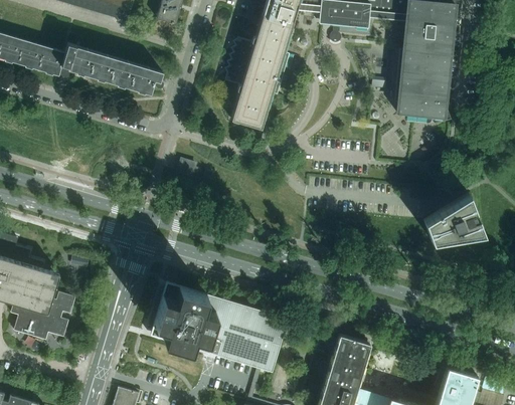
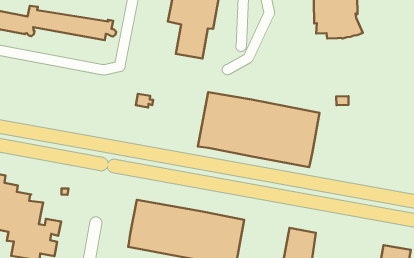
building: none -> [198,92,319,167]
building: [424,194,483,241] -> none

